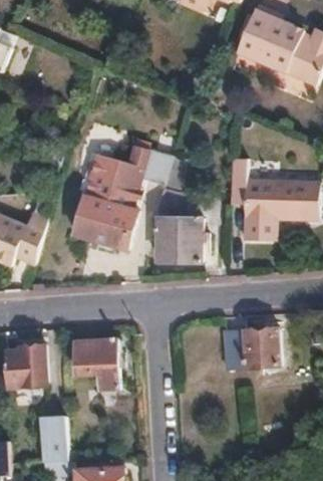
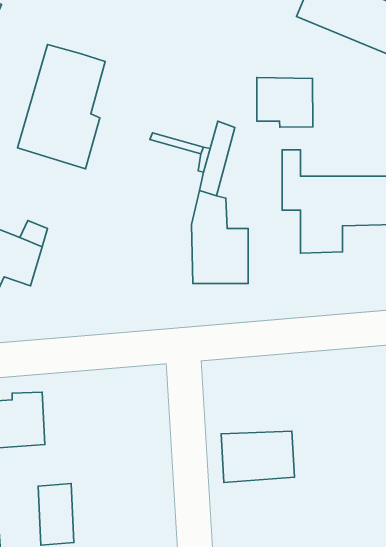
building: none -> [257,77,313,127]
building: [73,156,140,251] -> [17,44,105,169]
building: [224,329,280,369] -> [221,431,294,482]
building: [74,339,118,389] -> none

